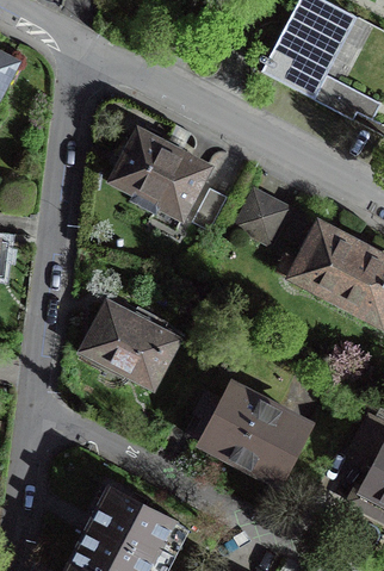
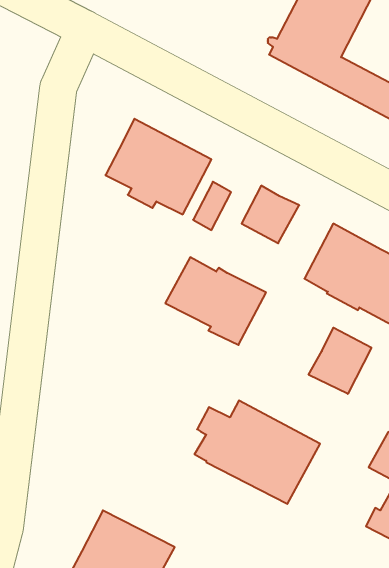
building: [86,306,178,386] -> [165,257,266,345]
building: none -> [309,328,371,394]

